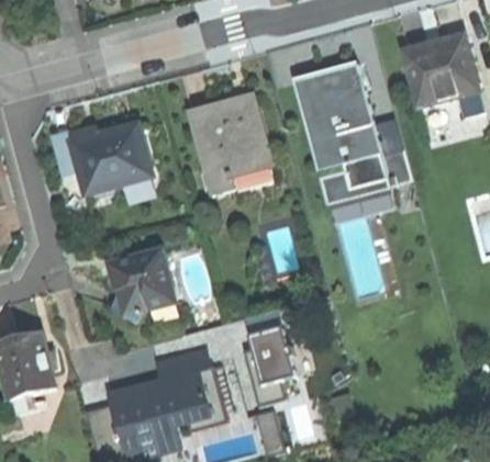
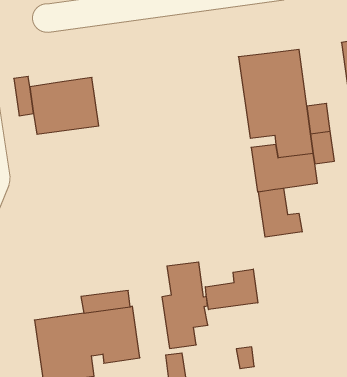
building: [189,92,270,193] -> none
building: none -> [259,188,302,237]
building: [110,247,176,320] -> none
building: none -> [205,269,258,310]

